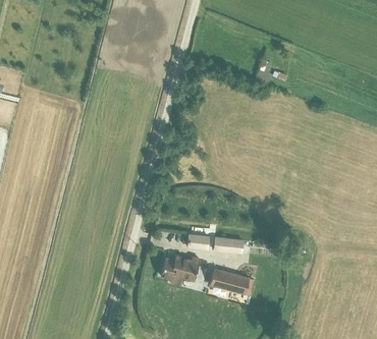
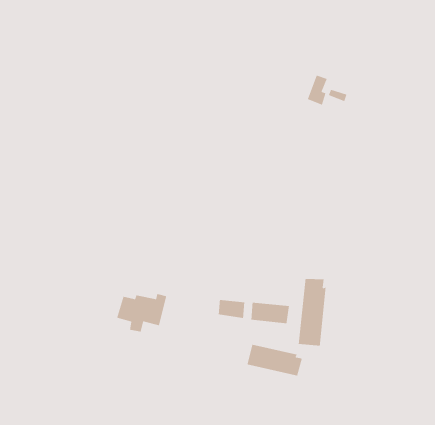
building: none -> [298,278,327,346]
building: [159,256,199,286] -> [116,293,167,333]

